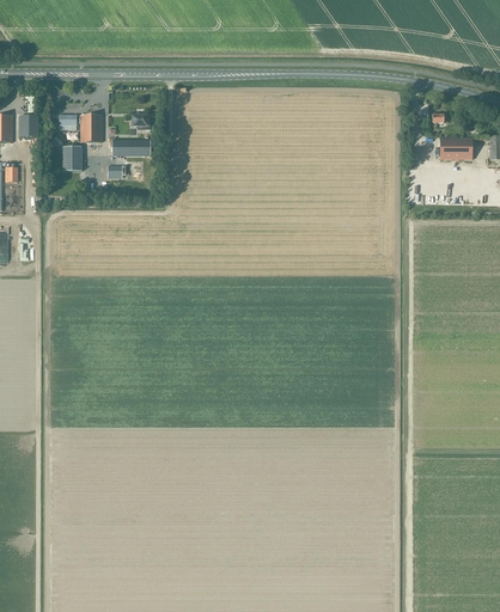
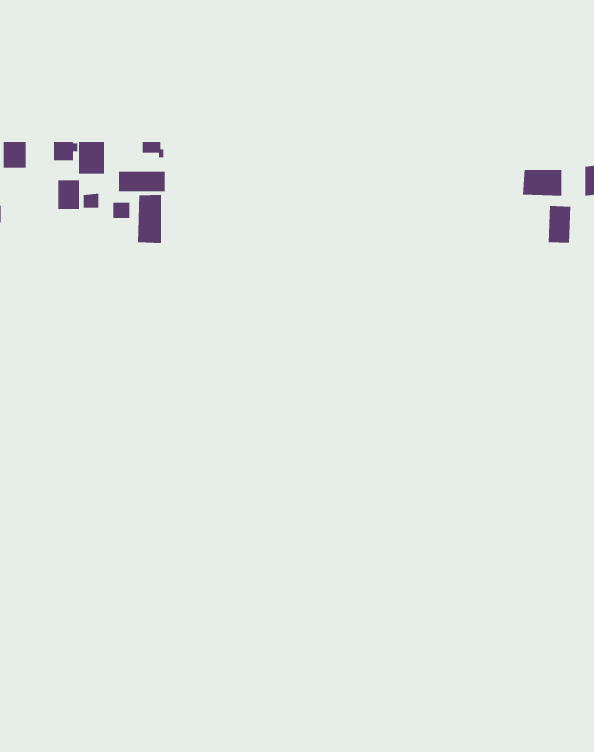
building: none -> [137,194,161,244]
building: none -> [548,205,571,244]

